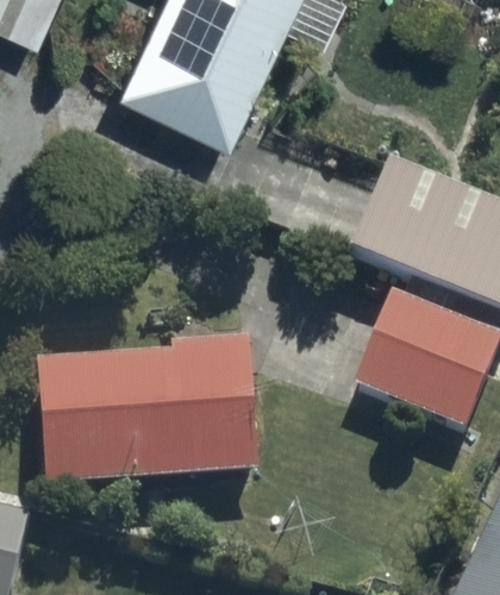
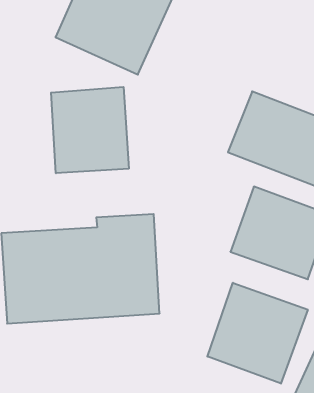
building: none -> [51,87,129,173]
building: none -> [207,283,308,384]

